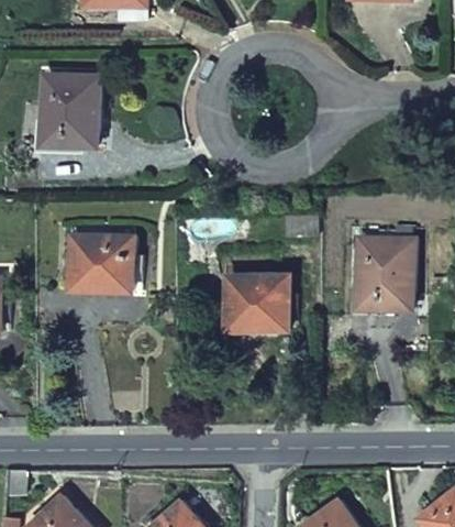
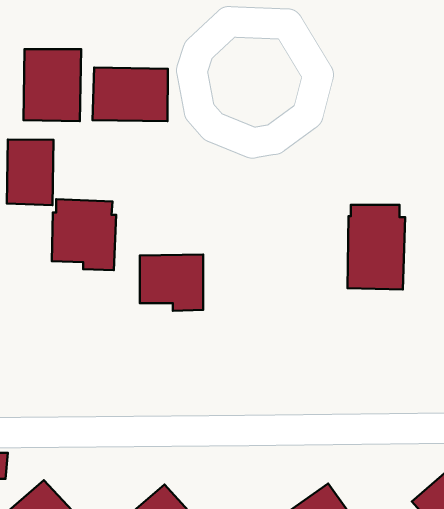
building: none -> [93,68,168,121]
building: none -> [7,139,53,205]
building: [225,277,287,332] -> [140,255,203,311]

